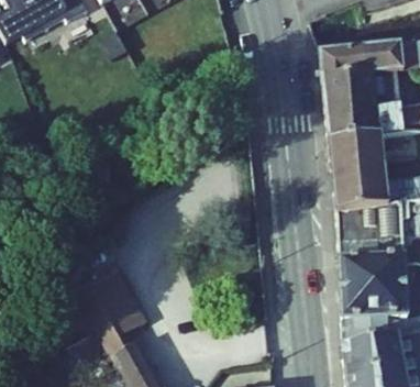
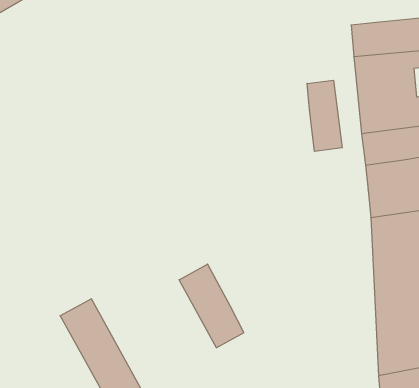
building: none -> [307,80,342,151]
building: none -> [179,264,244,348]

